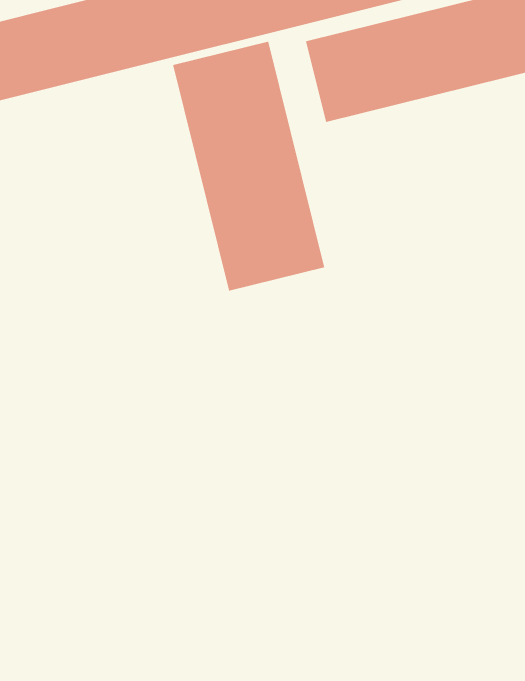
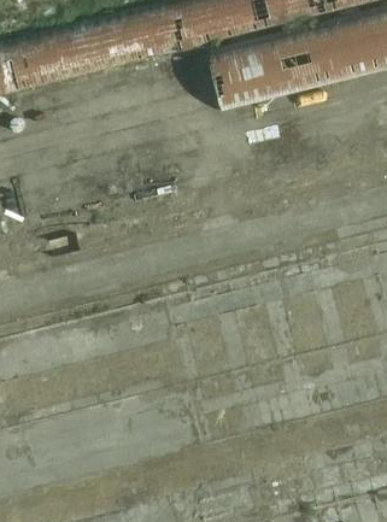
building: [172,41,325,292] -> none

